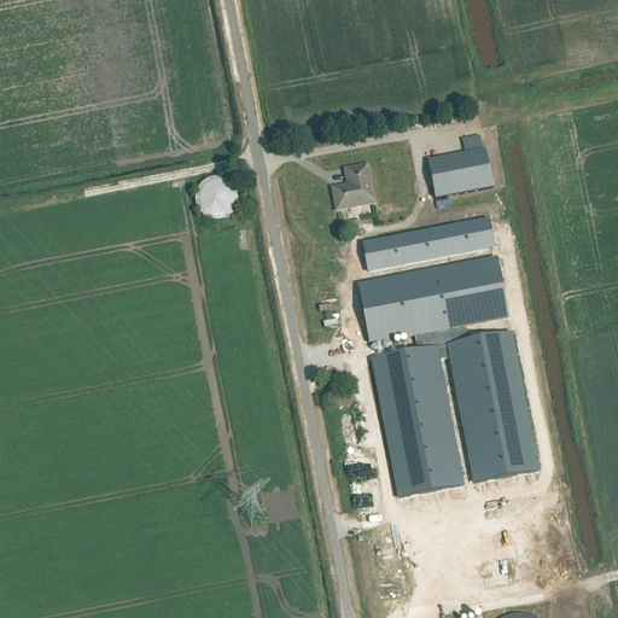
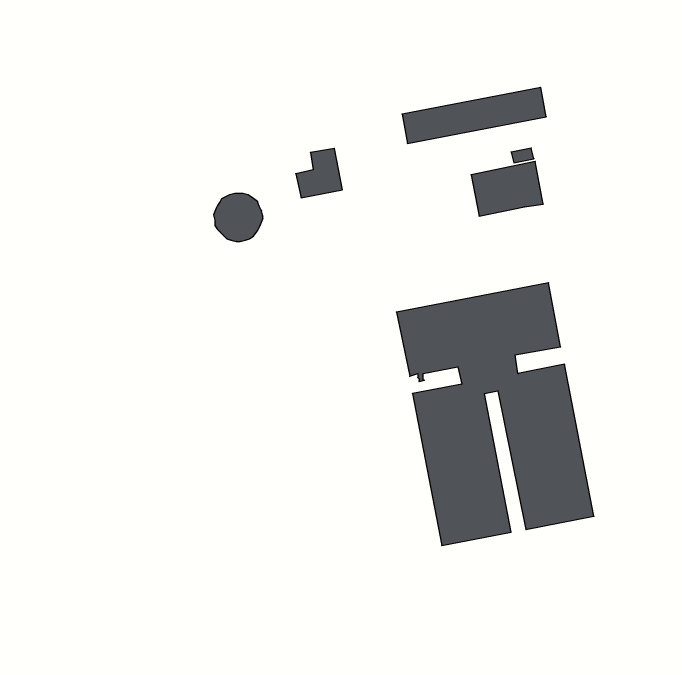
building: [332,162,374,206] -> [296,148,342,198]
building: [363,216,494,267] -> [402,87,546,143]

